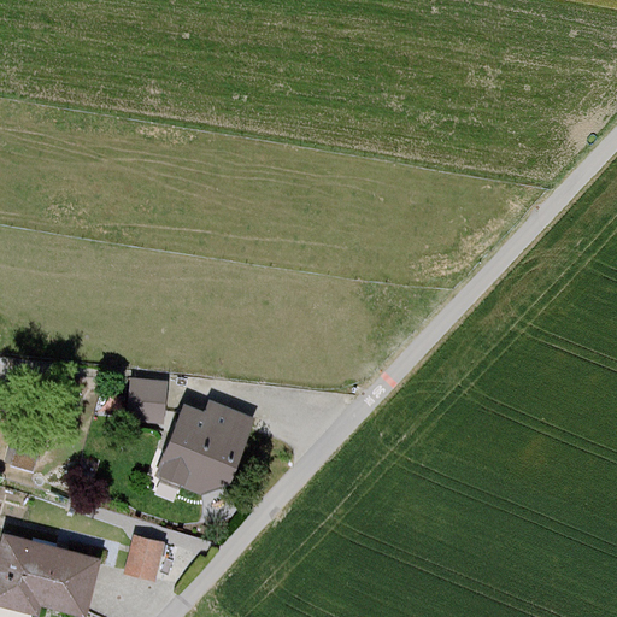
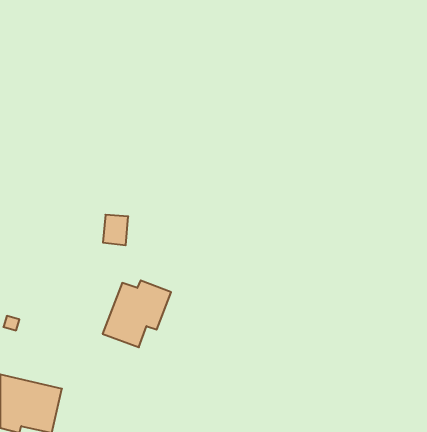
building: [130,381,166,424] -> [103,215,128,245]
building: [127,536,165,583] -> none

